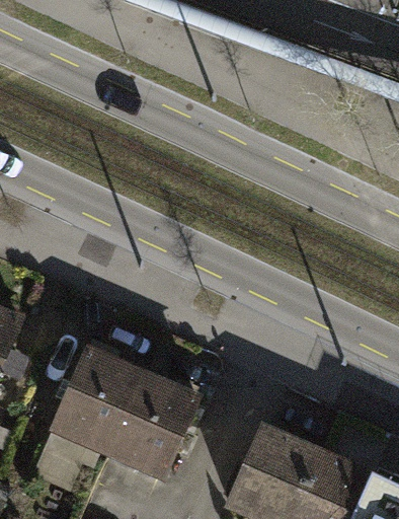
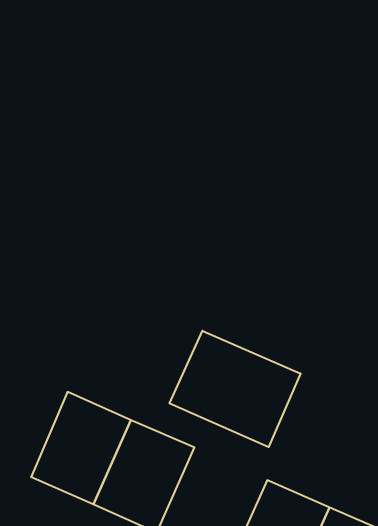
building: none -> [170,331,301,447]

